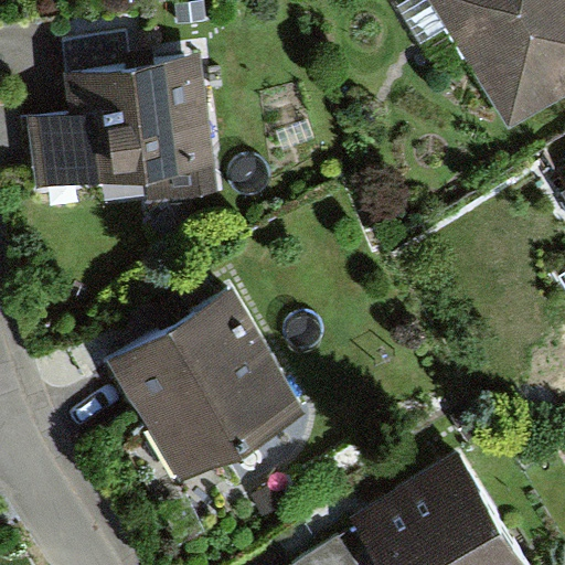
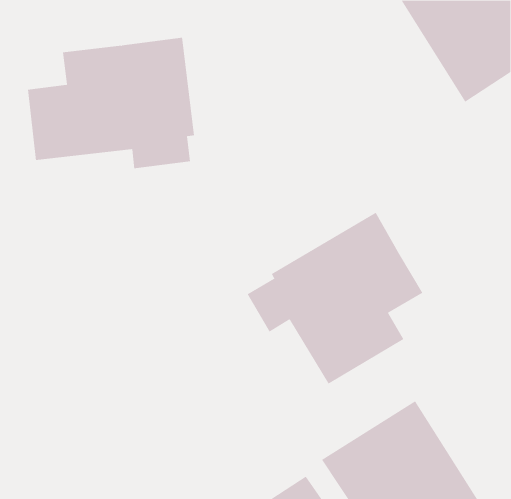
building: none -> [247,212,423,385]
building: [110,290,299,477] -> none

